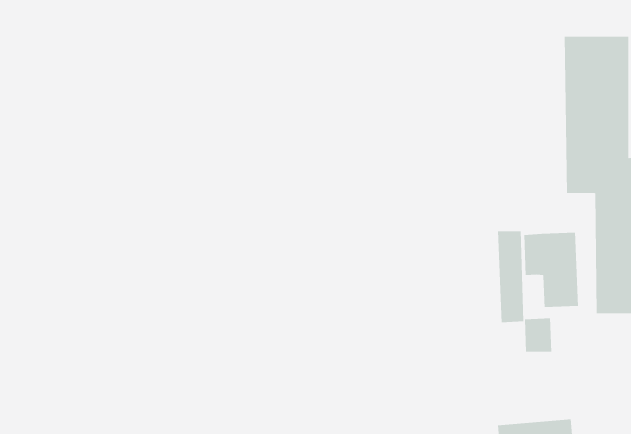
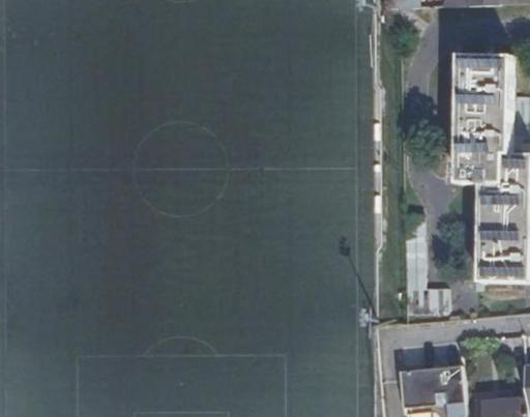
building: [524,232,578,308] -> none

